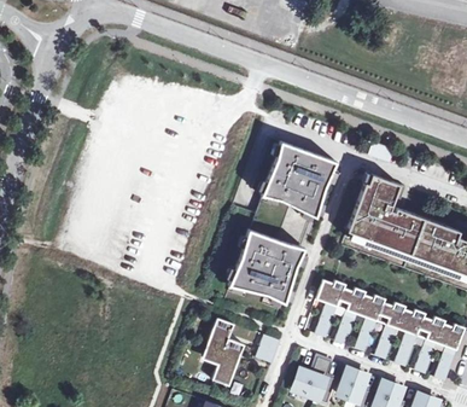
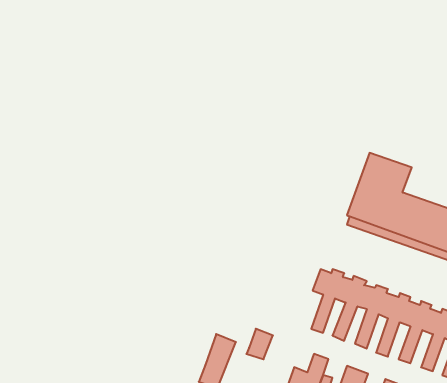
building: [261,140,335,217] -> none
building: [228,229,304,304] -> none
building: [202,319,234,367] -> none

